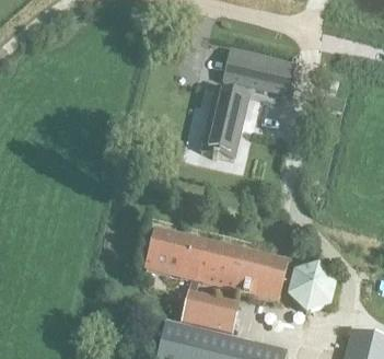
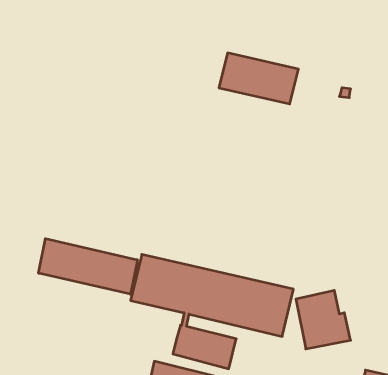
building: [201,85,249,159] -> none
building: none -> [39,239,137,294]

